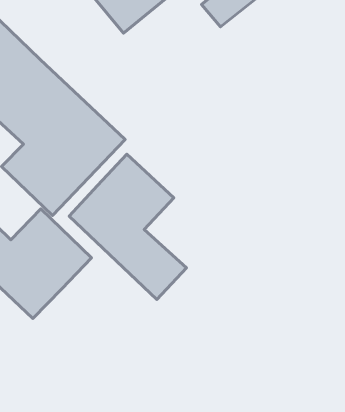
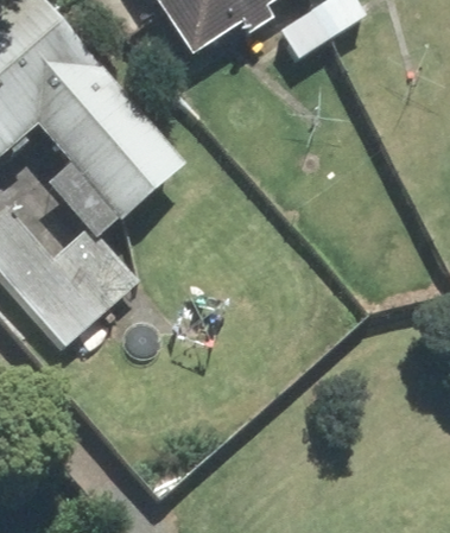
building: [69,154,186,299] -> none

